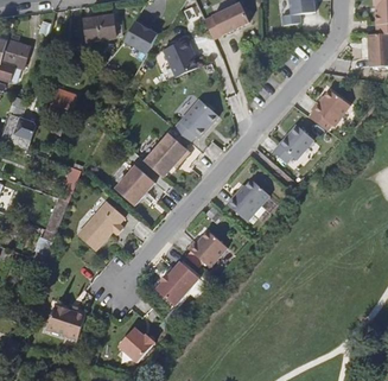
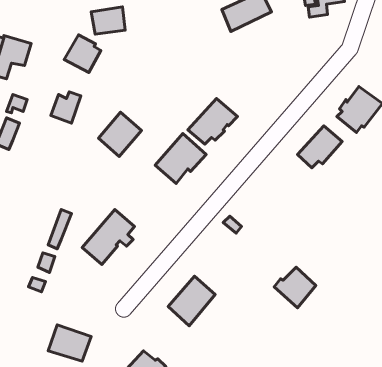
building: [125,17,158,51] -> [64,35,101,73]
building: [164,36,198,74] -> none
building: [116,163,155,203] -> [98,112,142,157]
building: [228,177,271,218] -> none
building: [189,228,227,265] -> [274,267,316,308]

